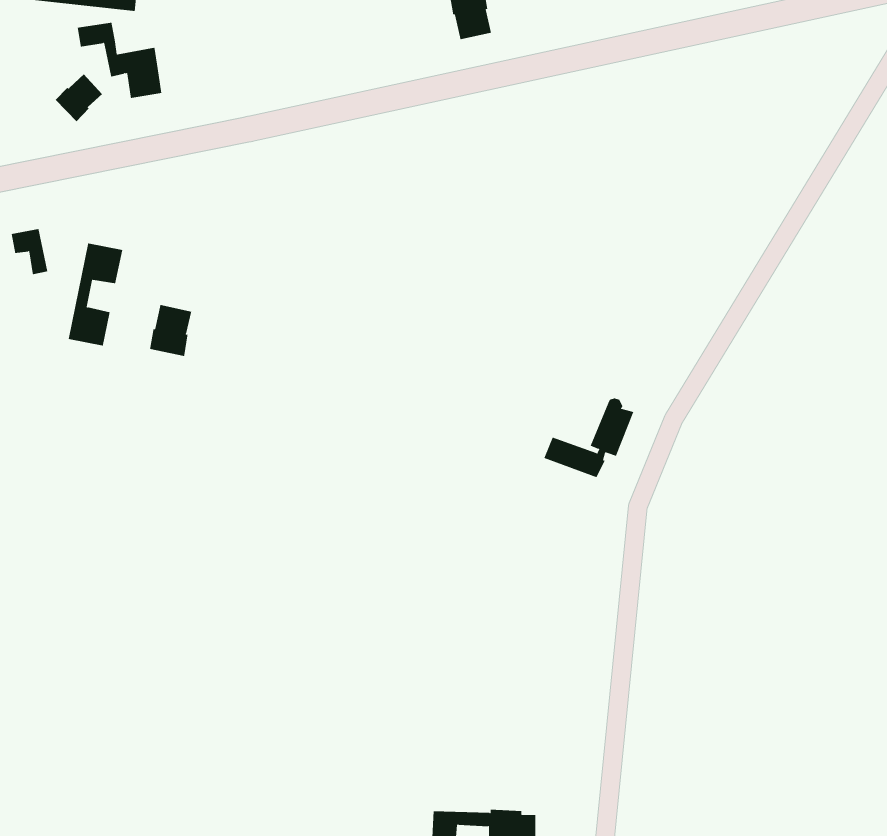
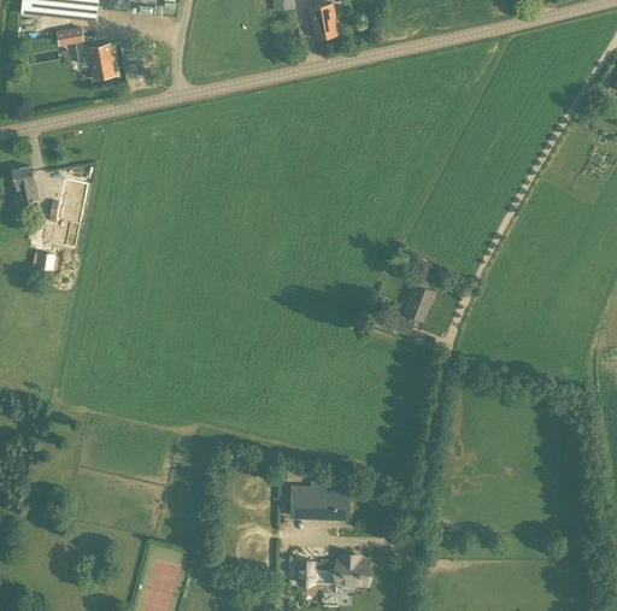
building: [55,74,103,122] -> none
building: [149,304,192,357] -> none
building: none -> [288,478,348,517]

